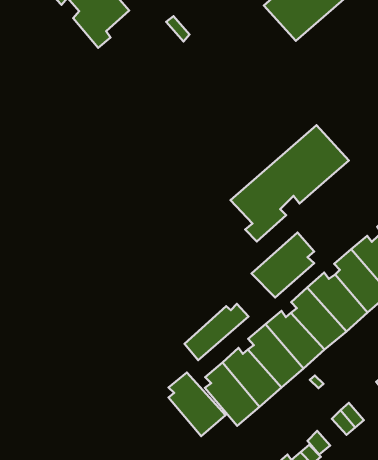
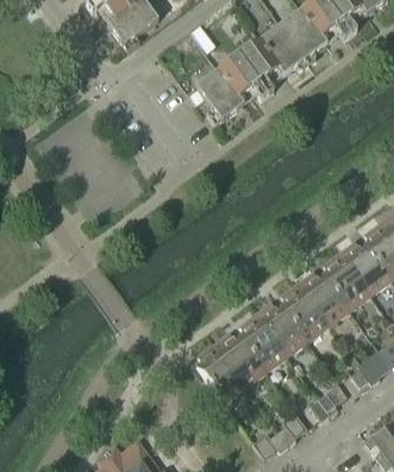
building: [231,125,349,242] -> [196,26,306,126]
building: [252,232,314,297] -> none
building: [184,304,249,360] -> none
building: [169,373,225,436] -> none

